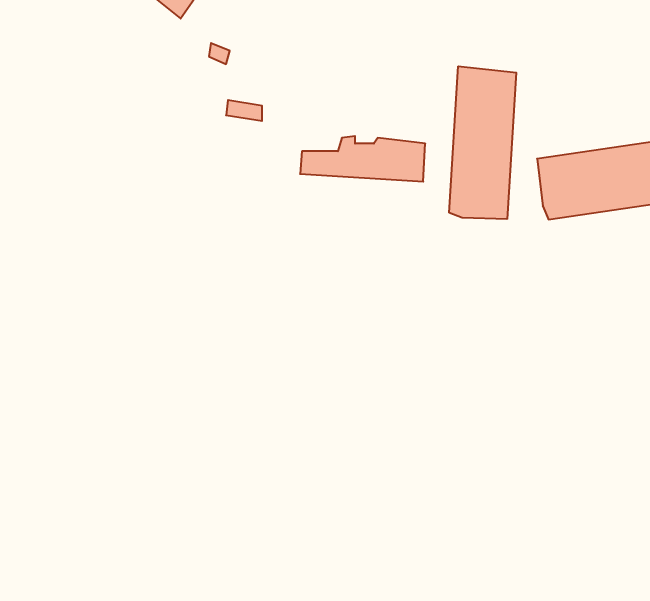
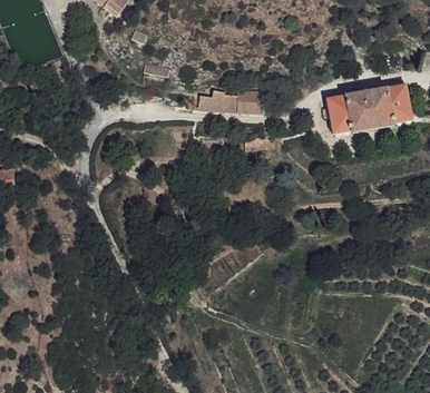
building: [449,66,516,219] -> none

